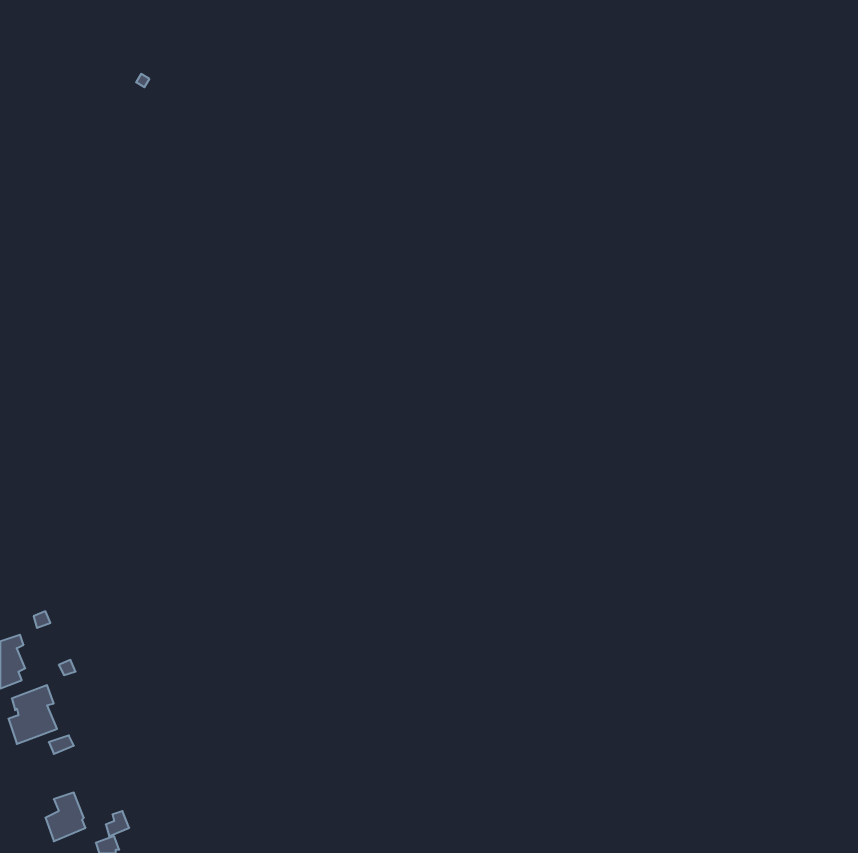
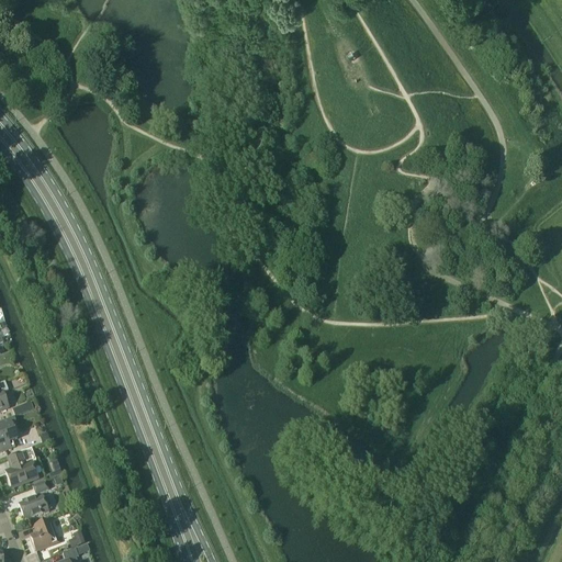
building: none -> [18,493,50,519]

